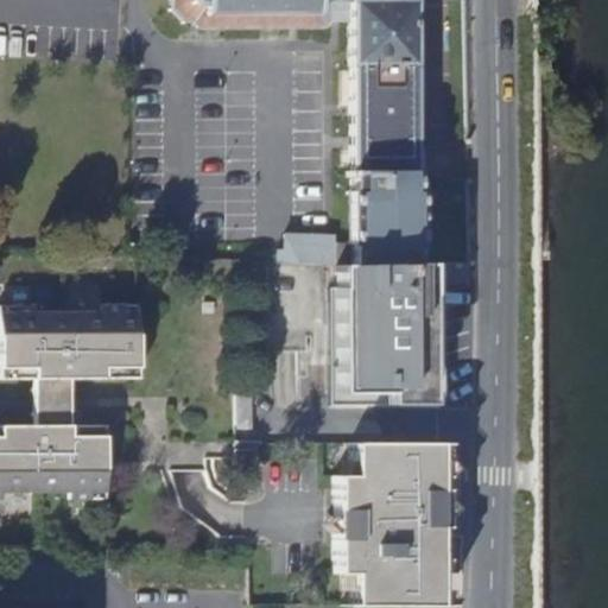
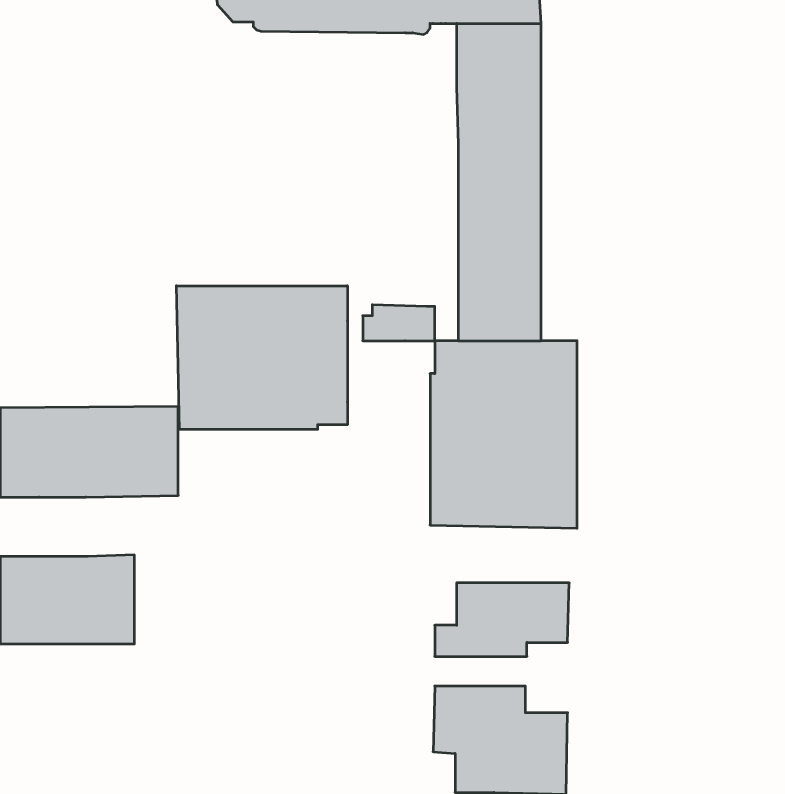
building: none -> [176,286,347,429]
building: [40,378,77,423] -> none
building: [341,488,442,542] -> none

